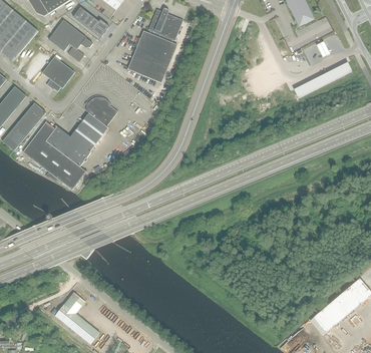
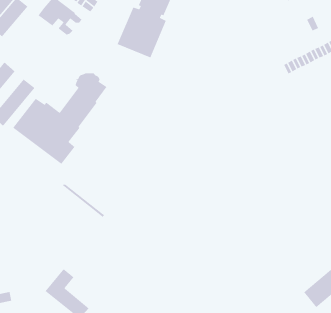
building: [41,56,74,90] -> none

